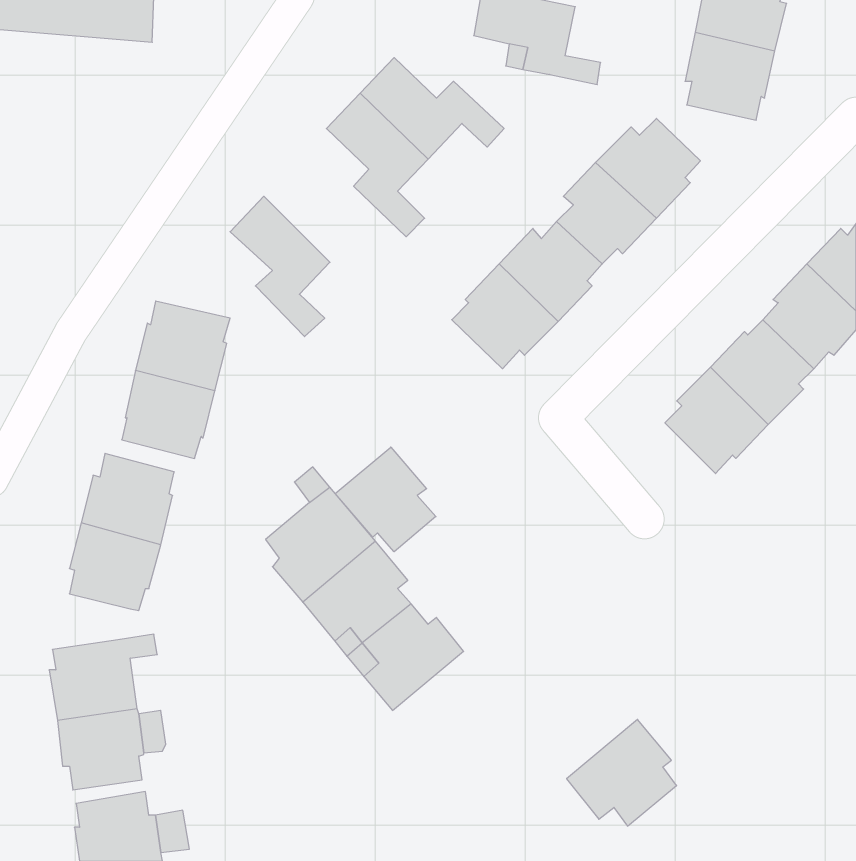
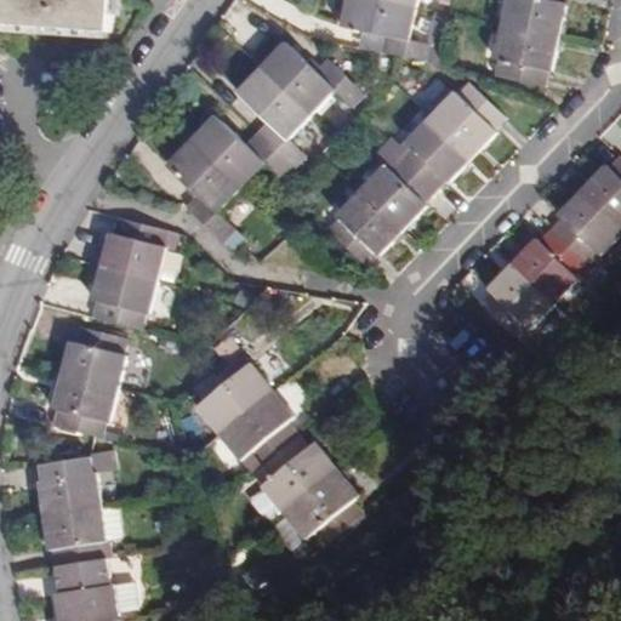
building: none -> [189,115,291,188]
building: [335,447,436,552] -> none
building: [567,719,677,826] -> [281,467,360,543]

